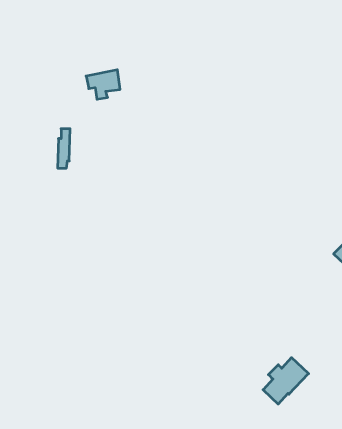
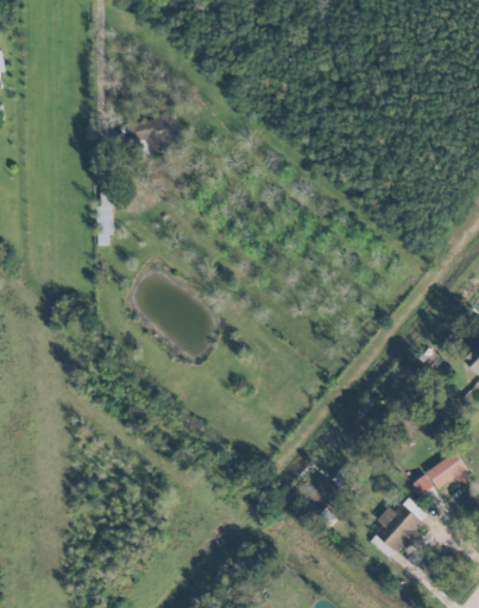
building: none -> [412,454,467,496]

